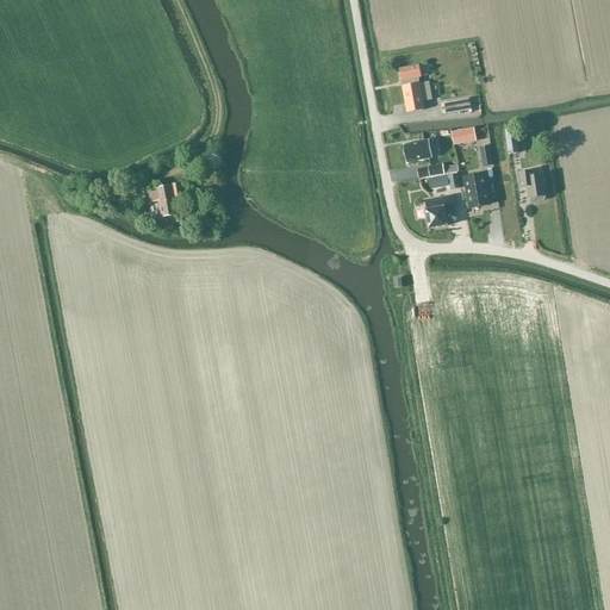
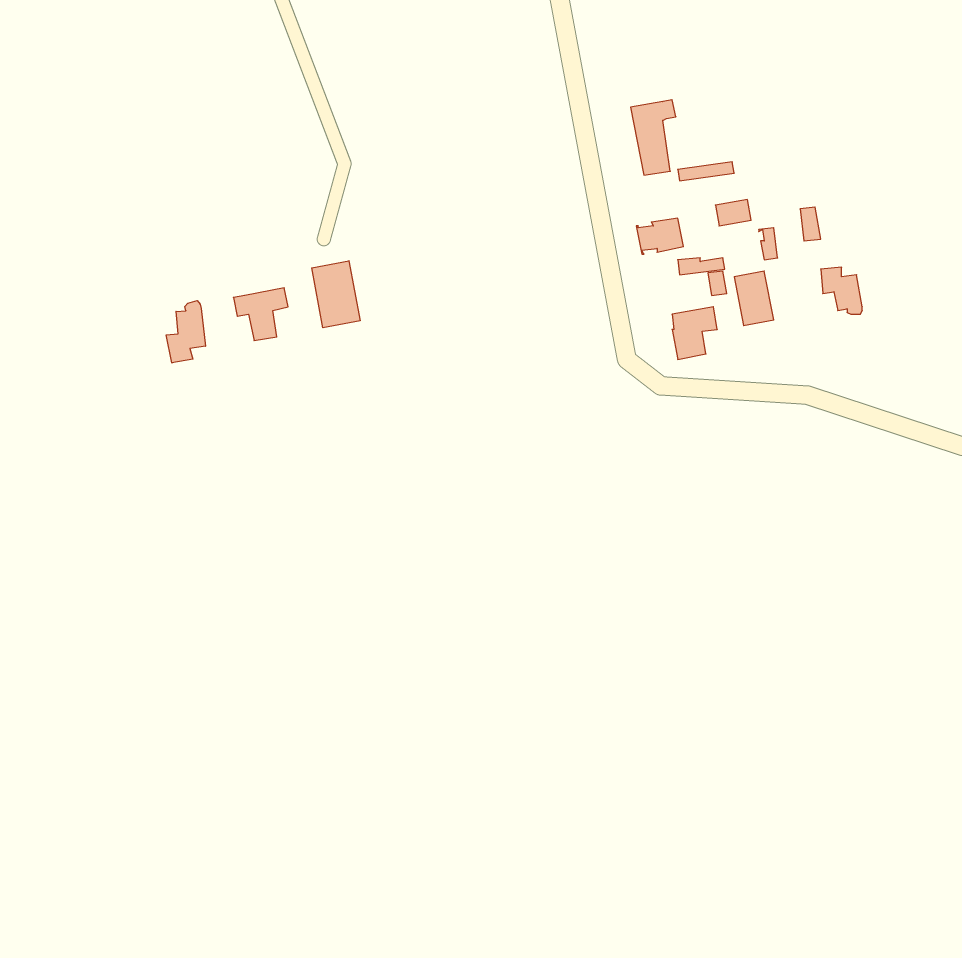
building: none -> [312,261,360,328]
building: none -> [166,301,205,363]

